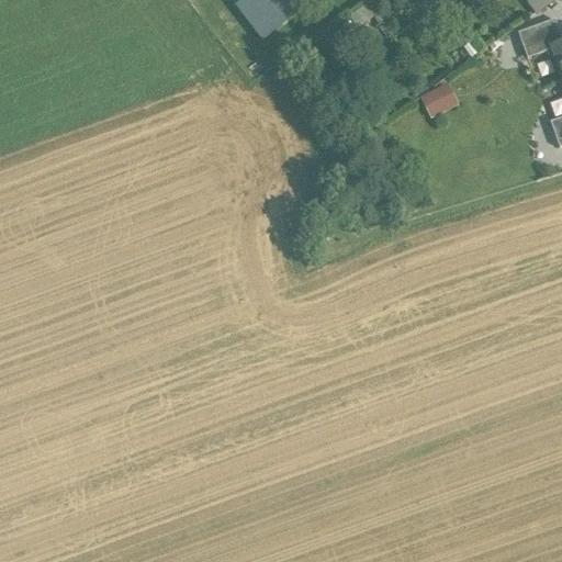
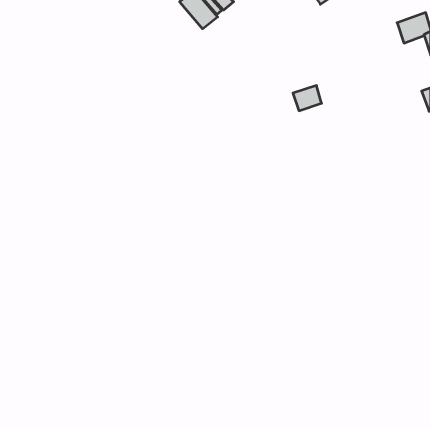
building: [422,80,459,113] -> [293,86,322,111]

